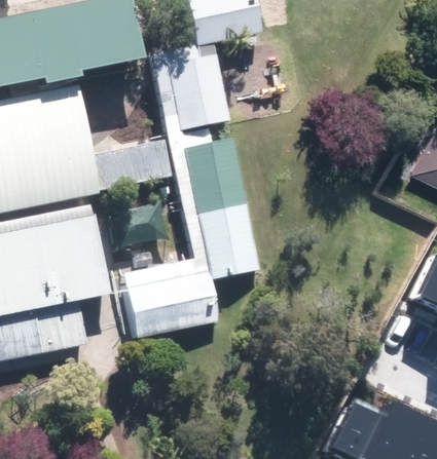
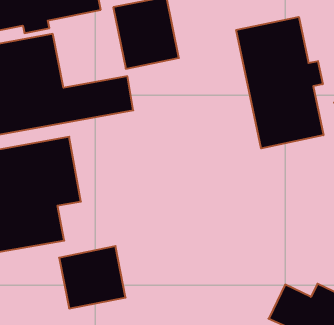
building: none -> [236,17,323,148]
building: [178,138,258,280] -> none
building: [122,259,205,336] -> [59,246,126,308]

